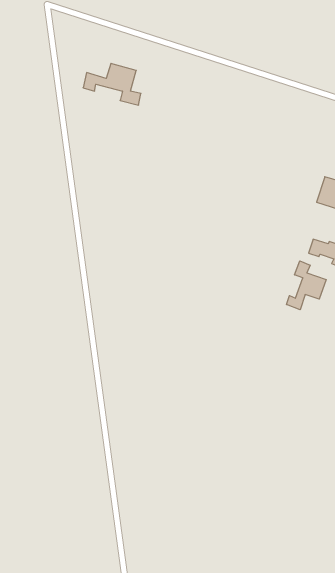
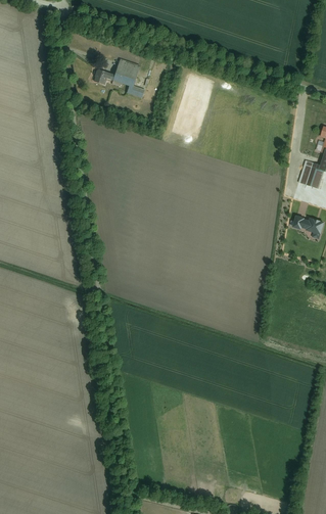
building: [287,261,326,310] -> none

